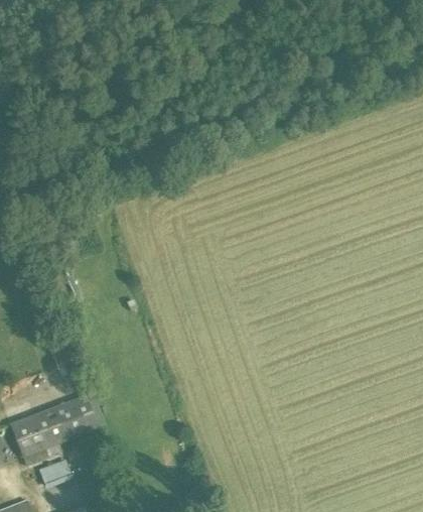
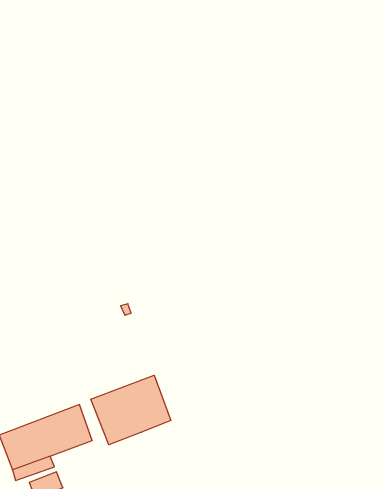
building: none -> [91,375,171,445]

